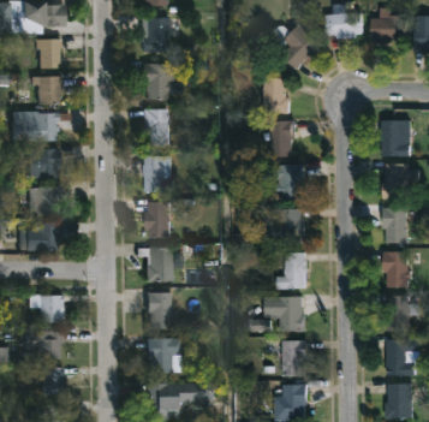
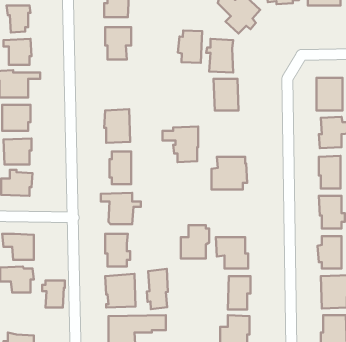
building: none -> [178,30,202,63]
building: [147,109,172,145] -> none
building: [260,164,299,203] -> [162,126,198,162]
building: [274,252,305,290] -> [181,225,209,259]
building: none -> [147,269,168,309]
building: [41,367,66,397] -> [42,280,65,307]

